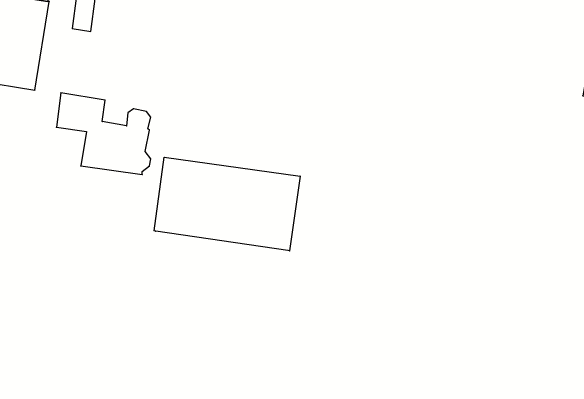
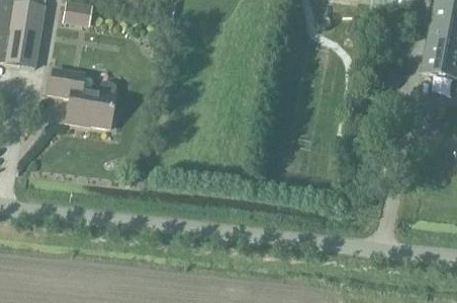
building: [154,157,300,251] -> none

